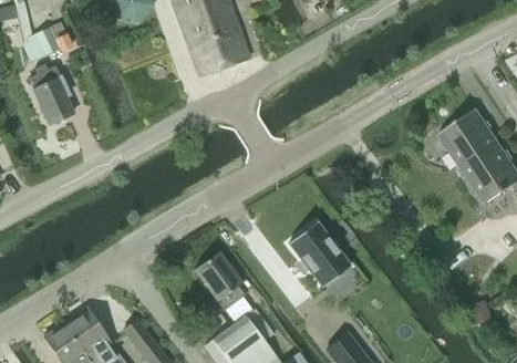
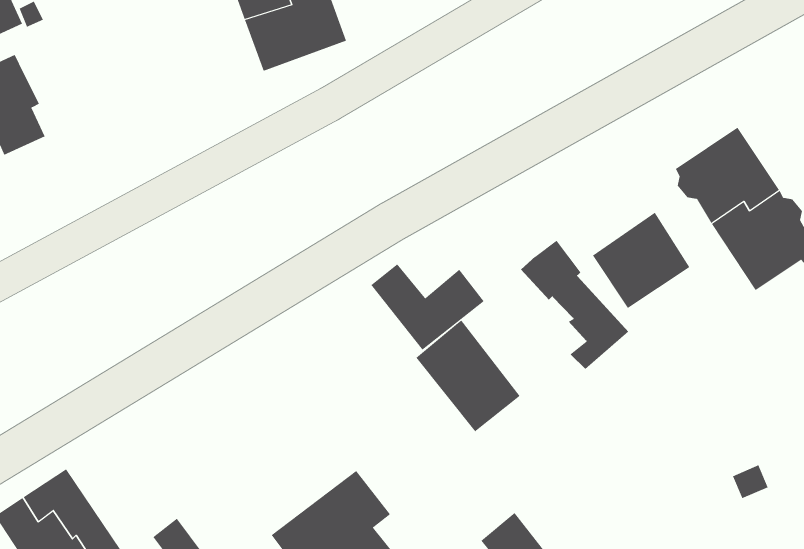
building: none -> [592,212,690,309]
building: none -> [520,240,629,370]
building: none -> [370,264,484,350]
building: [194,250,245,309] -> none

